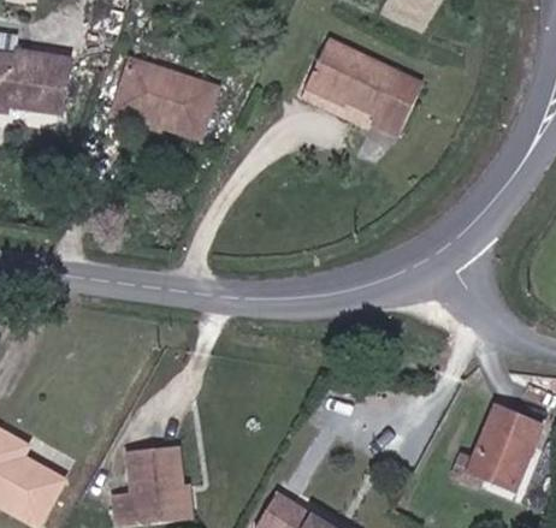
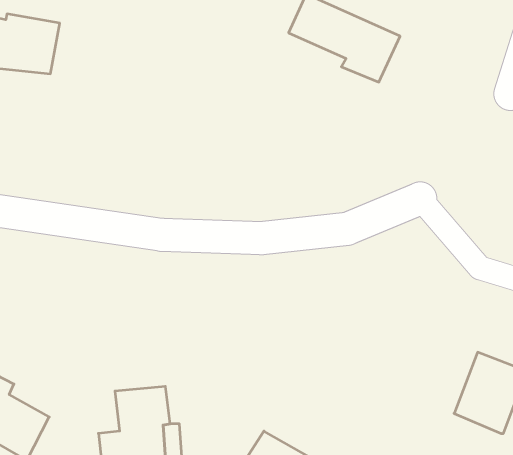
building: [136,59,226,118] -> none

